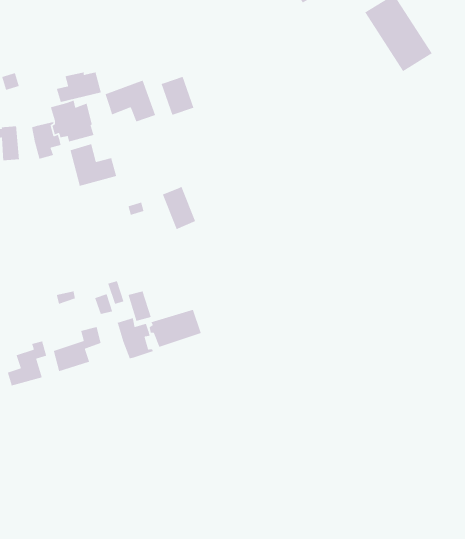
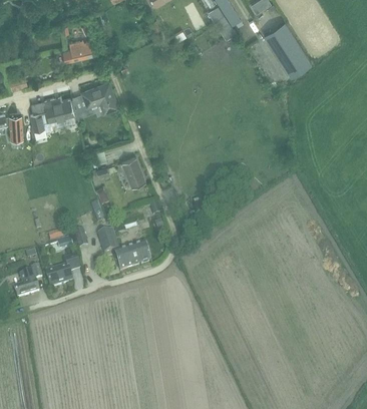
building: [56,71,102,103] -> [62,39,94,61]
building: [160,76,195,116] -> none
building: [69,143,117,187] -> none
building: [116,317,154,359] -> none

